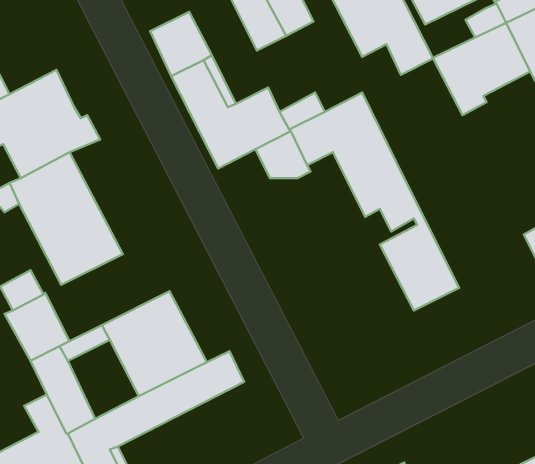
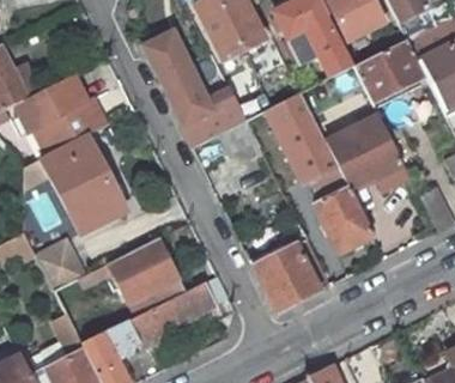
building: none -> [326,115,410,189]
building: none -> [253,238,329,312]

